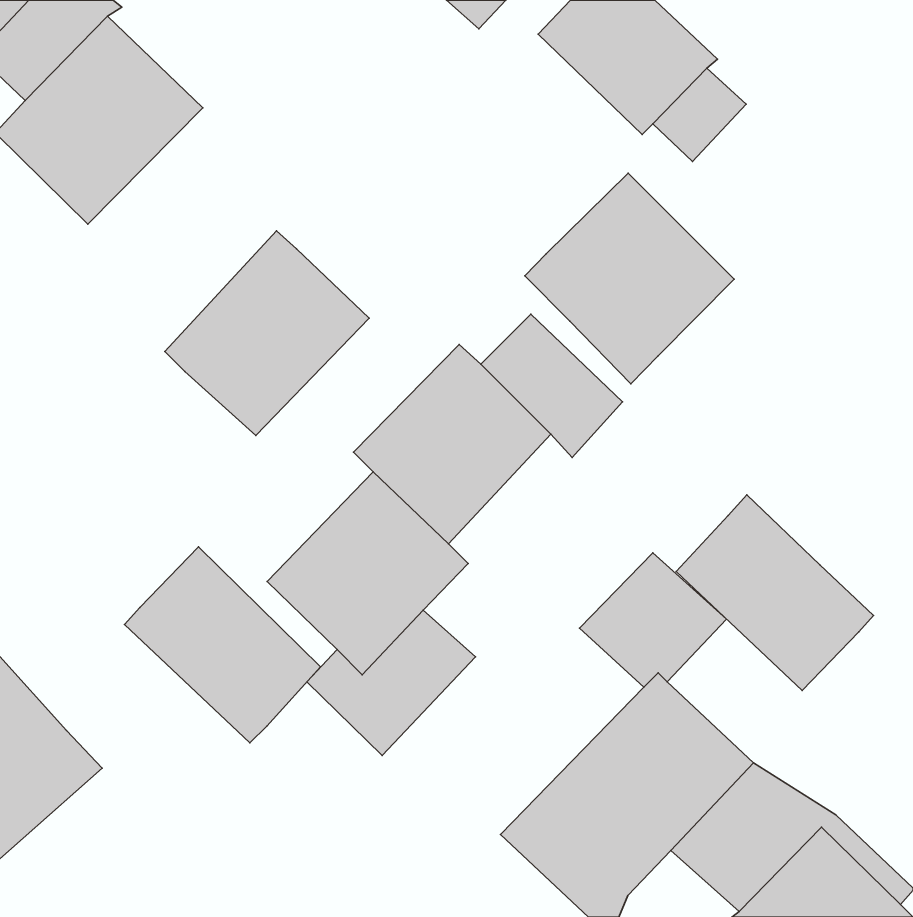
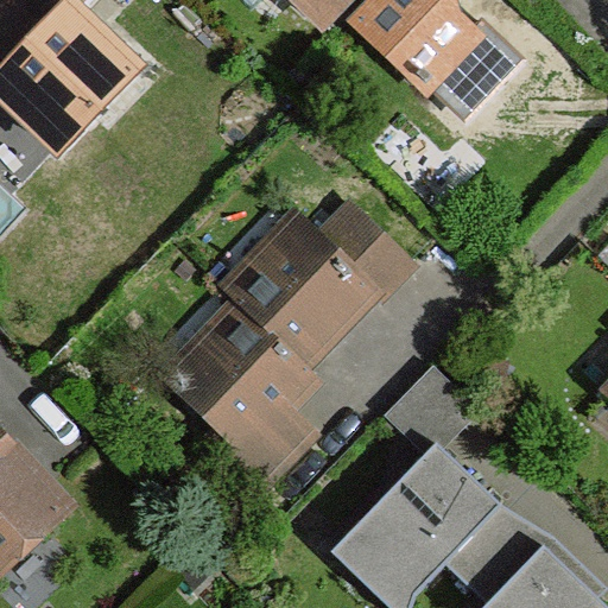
building: [525,173,734,384] -> none
building: [165,231,369,435] -> none
building: [676,495,873,690] -> none
building: [125,547,320,743] -> none

